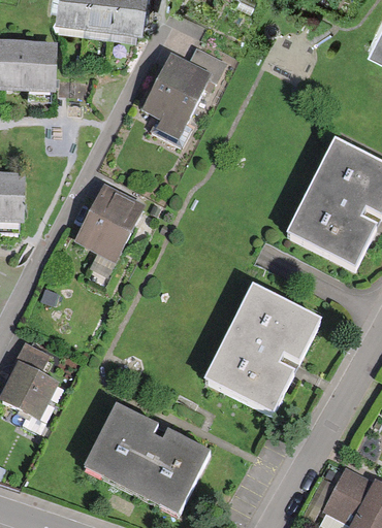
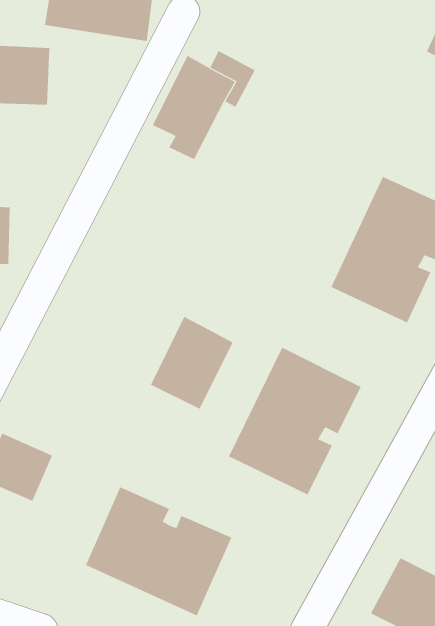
building: [71,185,140,262] -> [150,316,233,410]

